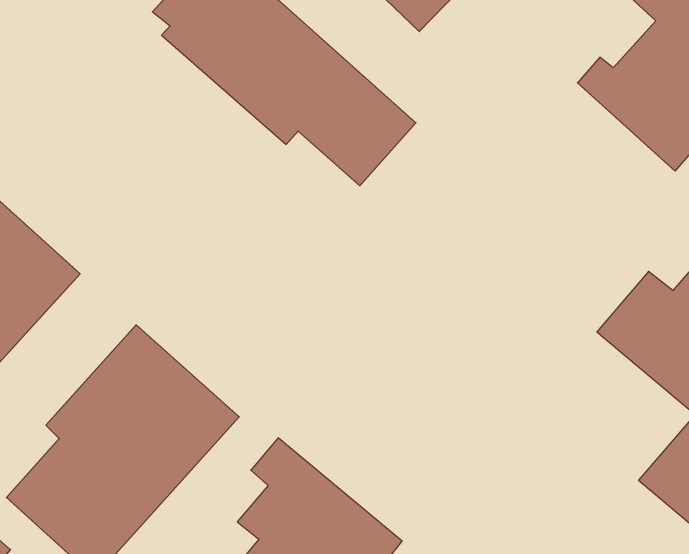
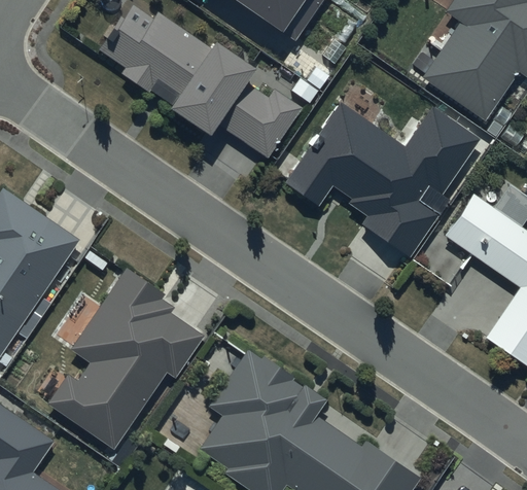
building: none -> [287,103,478,253]

